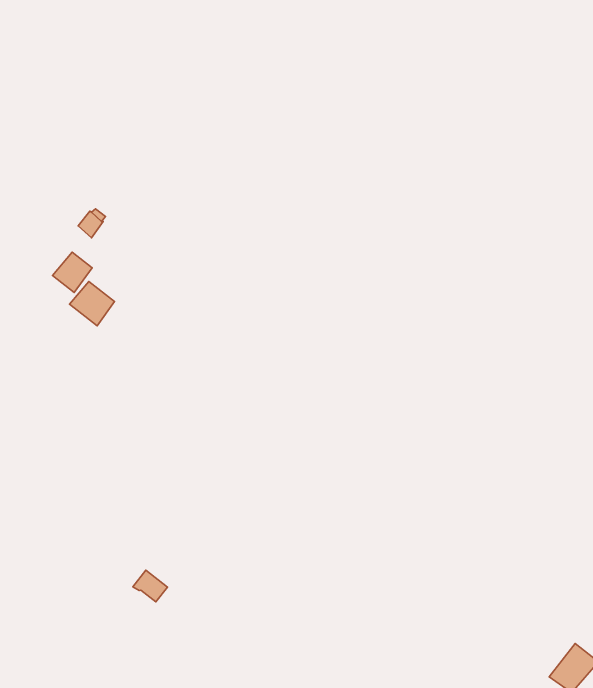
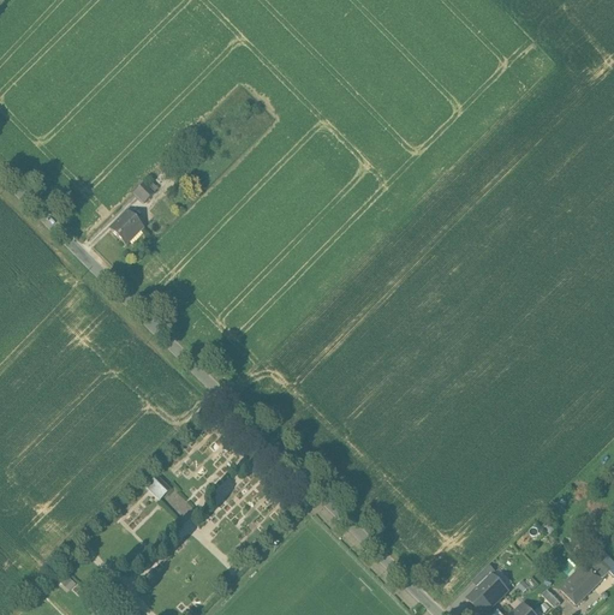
building: [69,281,114,326] -> none

